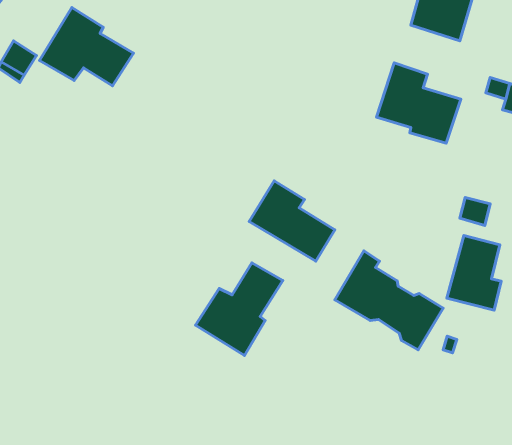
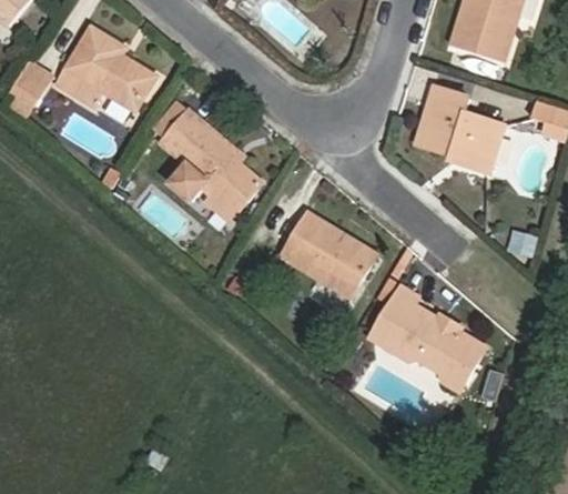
building: none -> [160,110,261,214]
building: [447,235,501,310] -> none
building: [196,263,283,356] -> none

